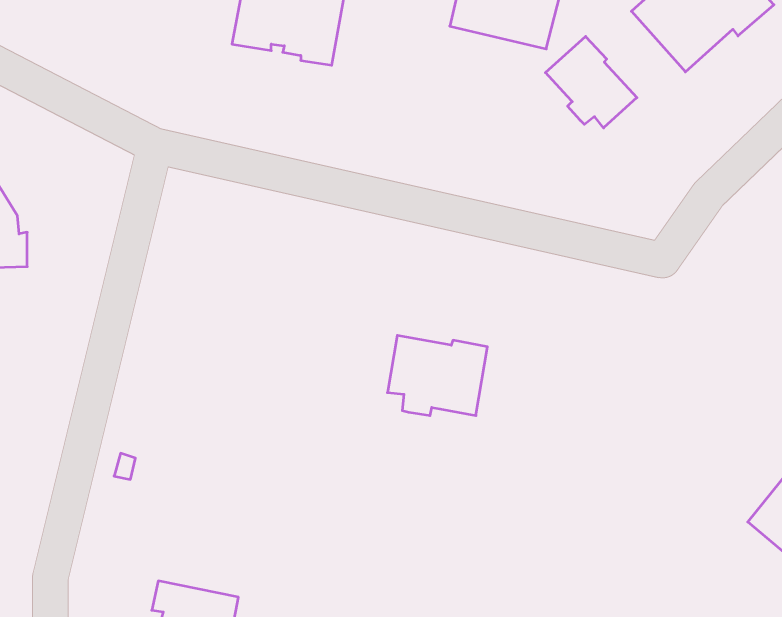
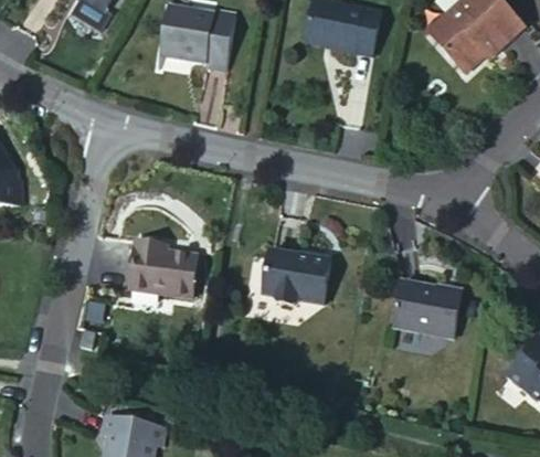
building: [545,36,637,128] -> none
building: none -> [129,241,197,296]
building: none -> [392,280,460,334]

